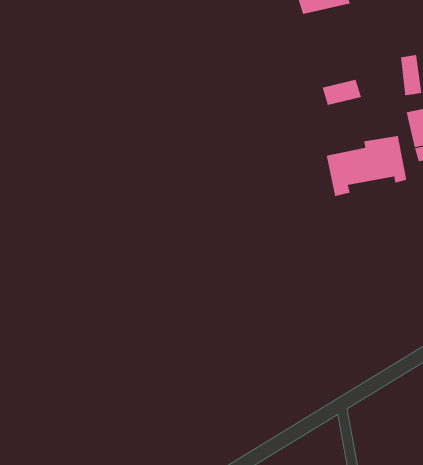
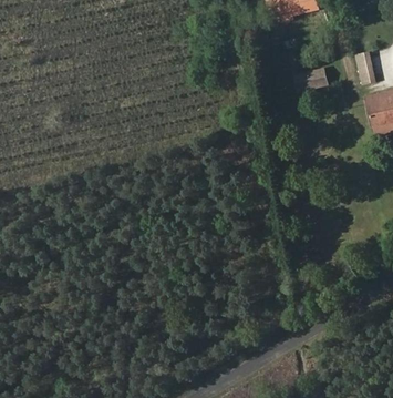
building: [326,135,407,197] -> none

